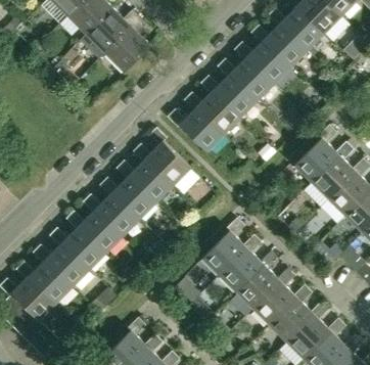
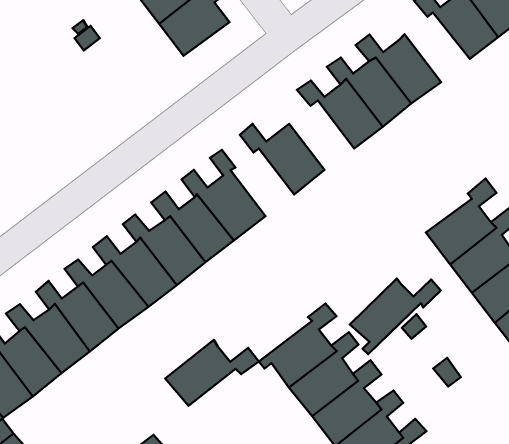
building: [250,22,308,66] -> none
building: [184,89,241,133] -> none
building: none -> [350,279,441,354]
building: none -> [165,340,259,406]

